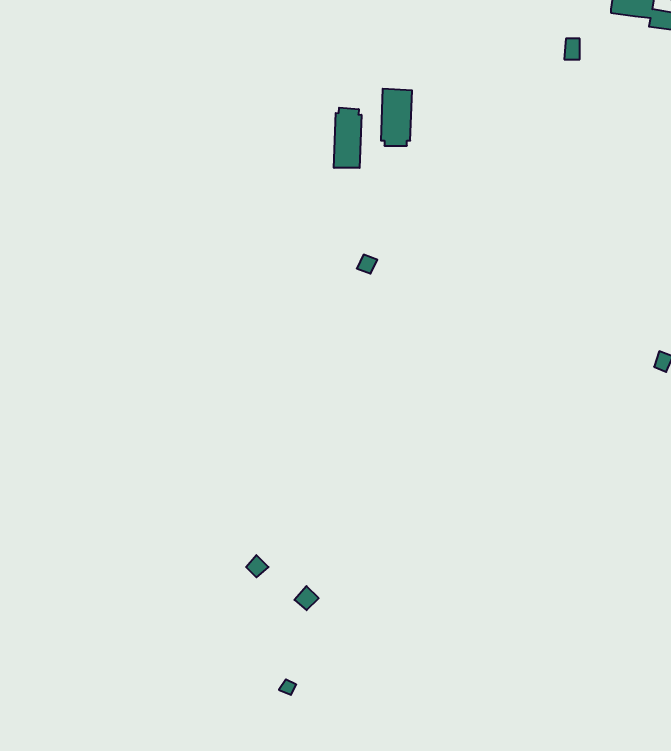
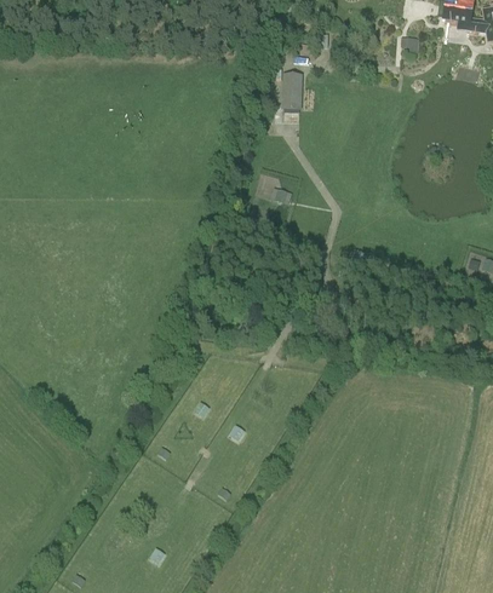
building: [334,108,361,168] -> none

